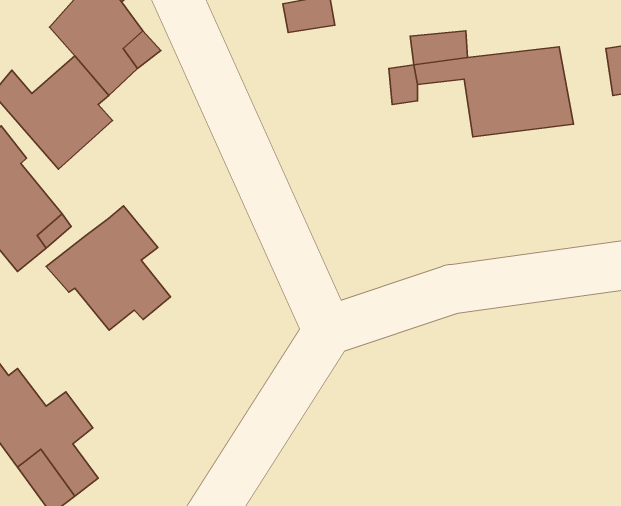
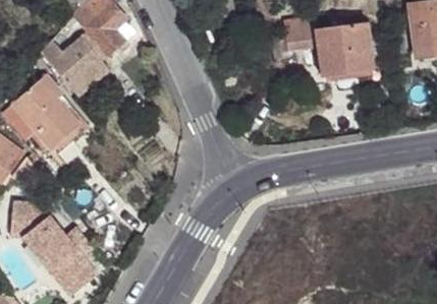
building: [46,206,171,330] -> none

